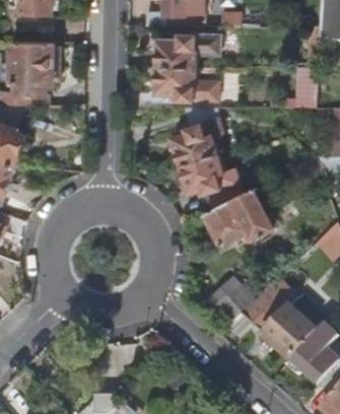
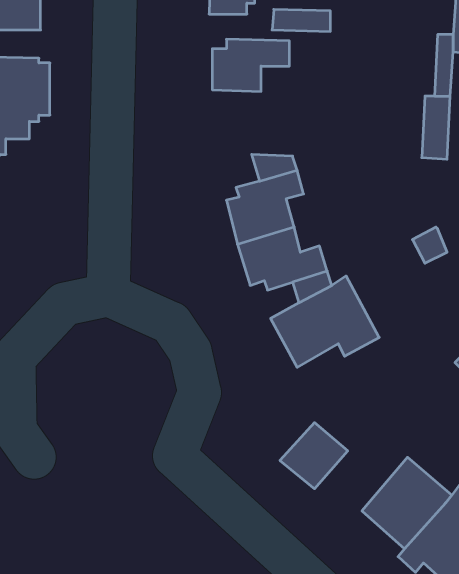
building: [162,65,218,99] -> none
building: [237,277,296,336] -> none

